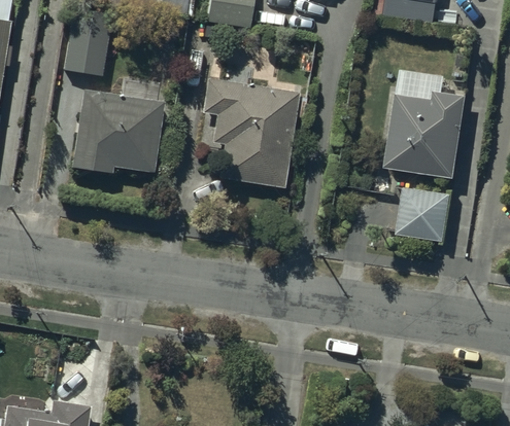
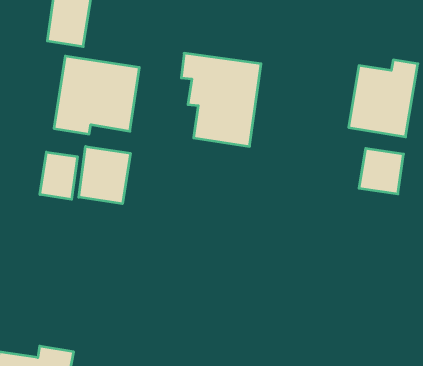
building: none -> [79,146,130,204]
building: none -> [40,152,77,199]

